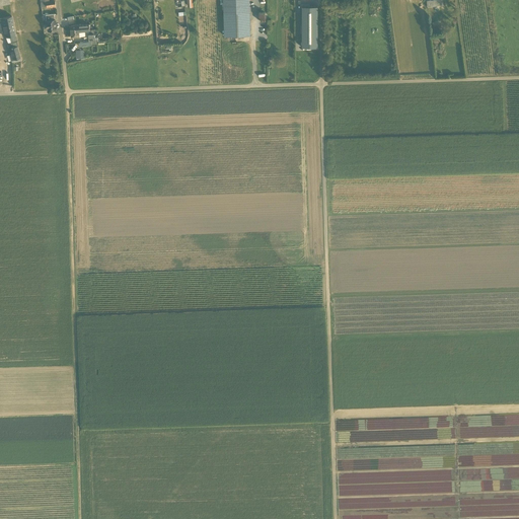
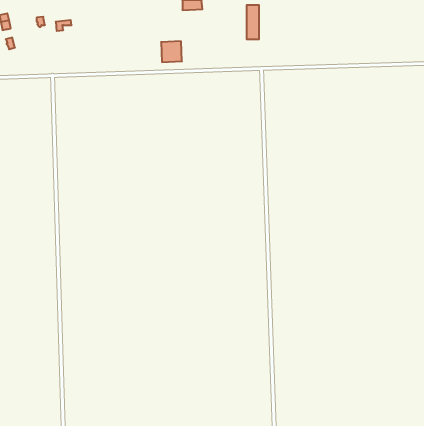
building: [222,11,247,36] -> [161,41,182,62]

